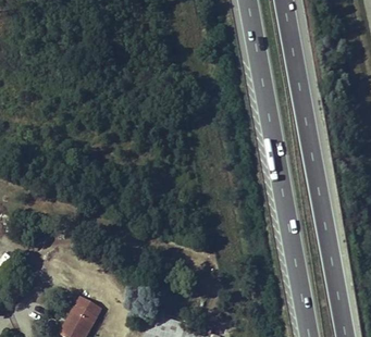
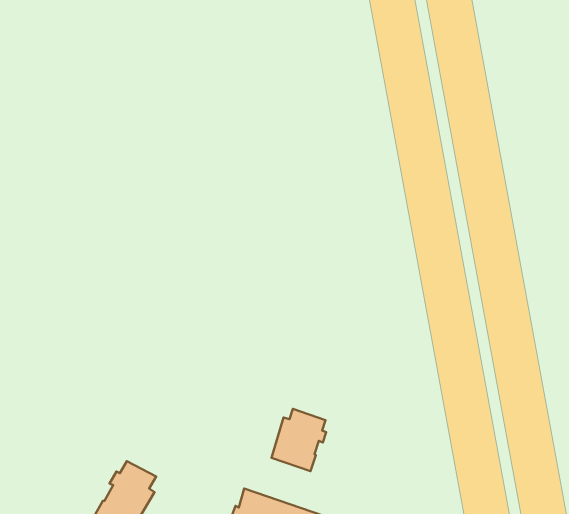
building: none -> [272,409,326,471]

